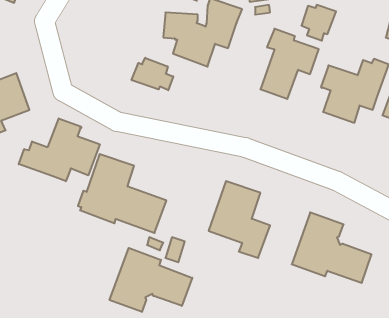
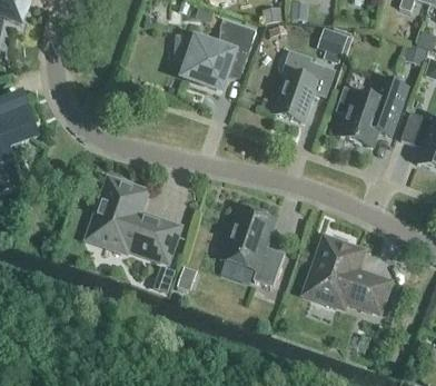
building: [132,58,173,90] -> none
building: [19,118,100,181] -> none
building: [110,248,192,312] -> none

